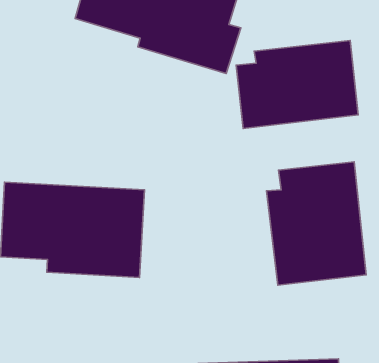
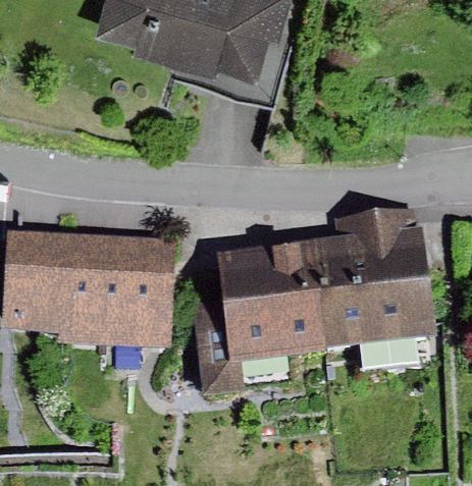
building: [236,41,358,129] -> none
building: none -> [194,241,332,400]

